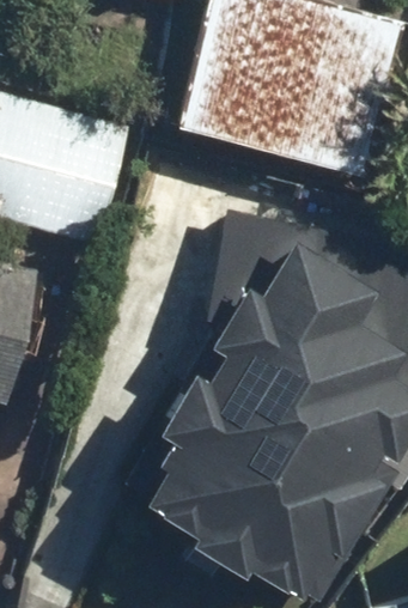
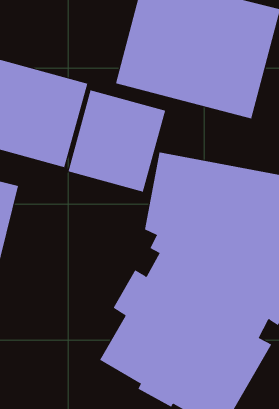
building: none -> [68,90,166,193]

